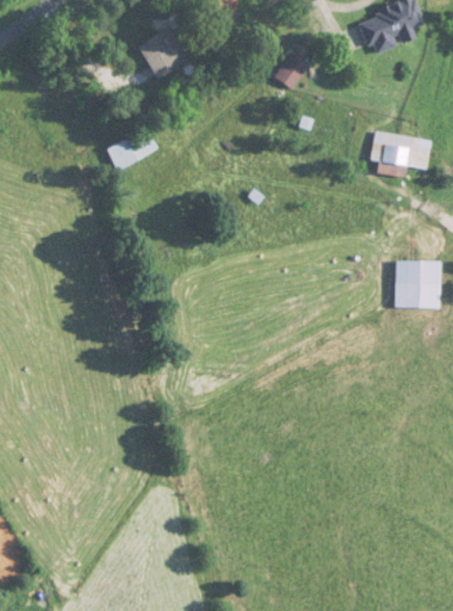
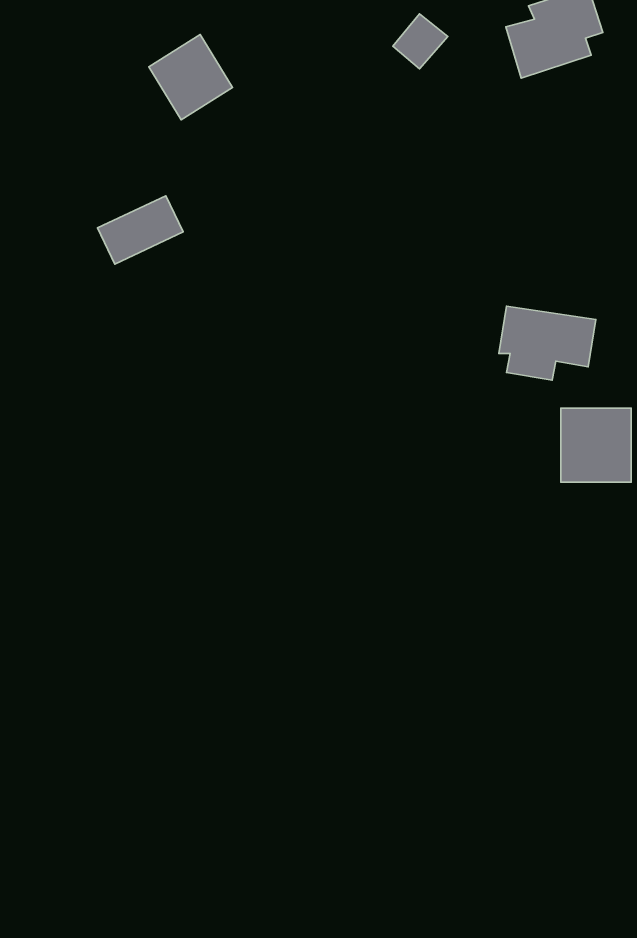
building: [274,55,309,90] -> [393,14,448,69]
building: [371,131,432,178] -> [499,306,596,380]

